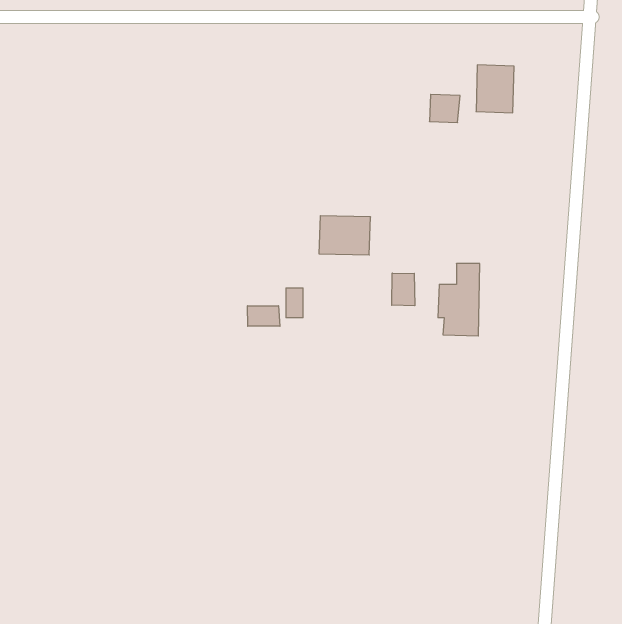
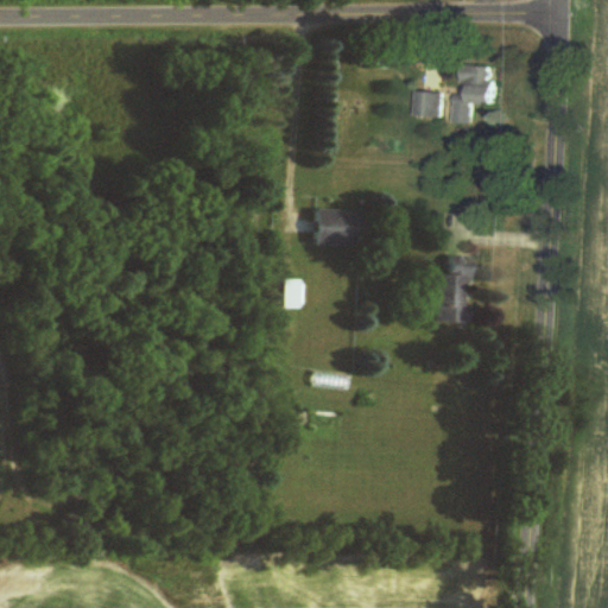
building: [392,273,415,306] -> none
building: [248,306,280,326] -> none

